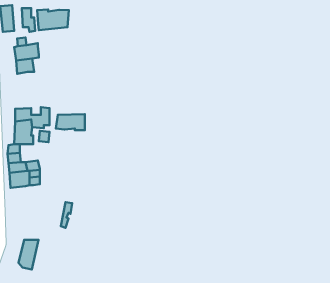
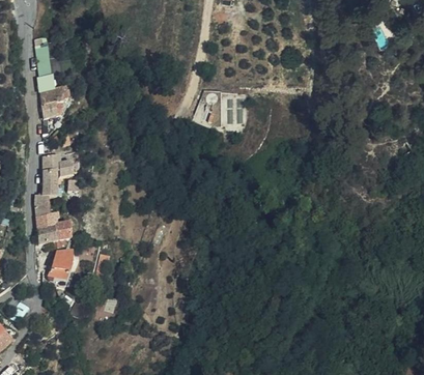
building: [37,10,69,30] -> none
building: [56,114,85,130] -> none
building: [19,240,39,269] -> [49,252,70,284]

